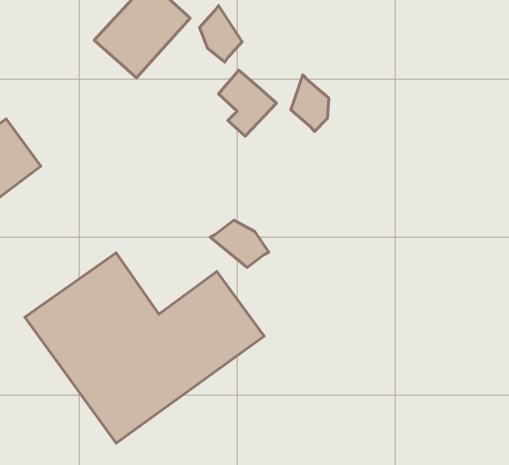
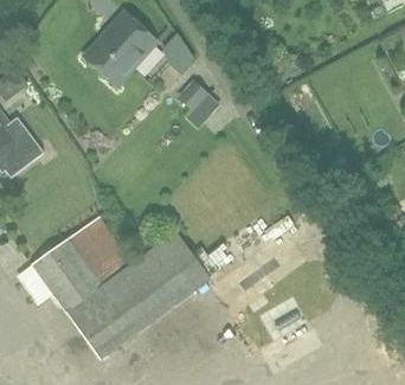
building: [291,75,329,131] -> none
building: [210,220,269,268] -> none

